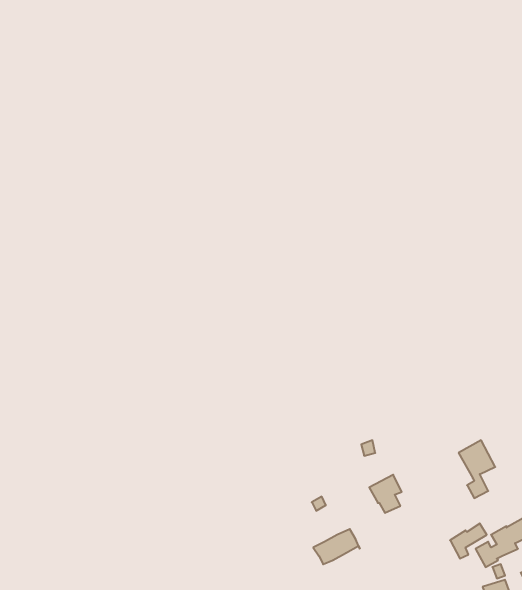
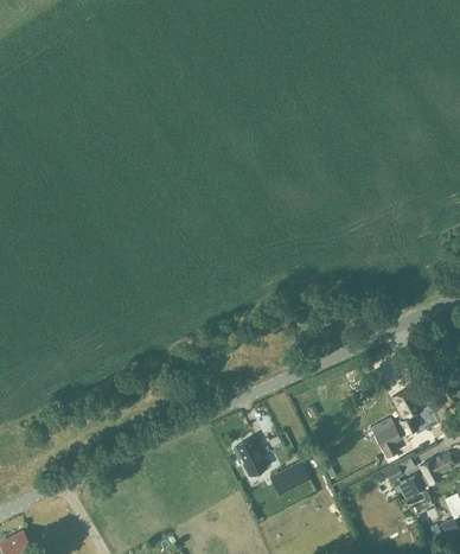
building: [369,475,402,513] -> [373,425,401,457]
building: none -> [232,438,266,476]

